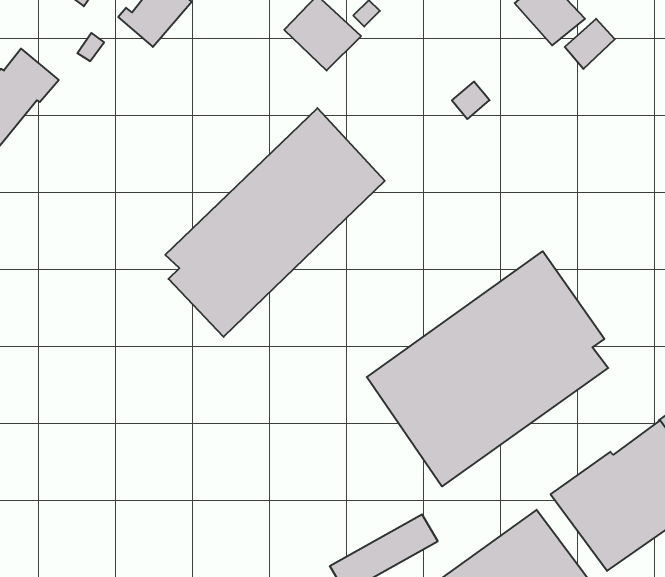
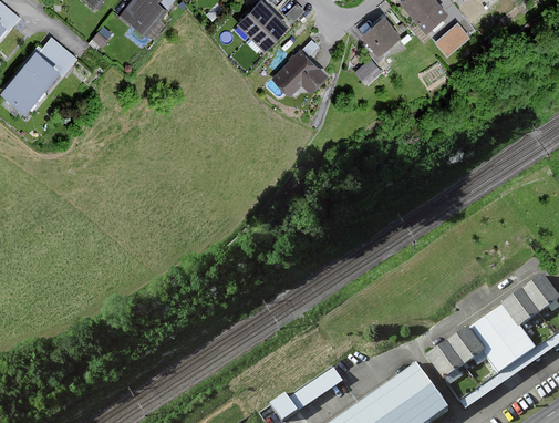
building: none -> [363,17,402,55]
building: none -> [271,48,331,96]
building: [165,108,385,337] -> none
building: [367,251,608,486] -> none

